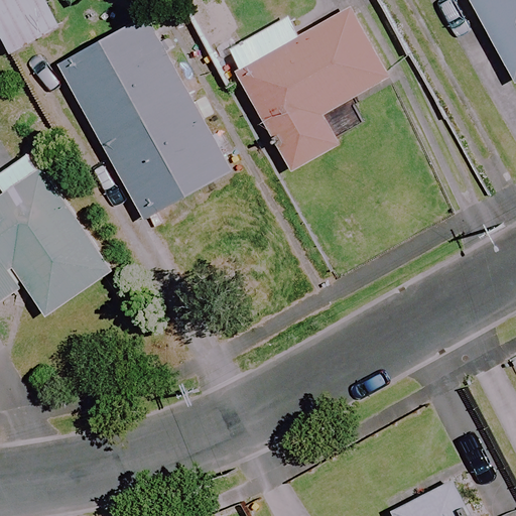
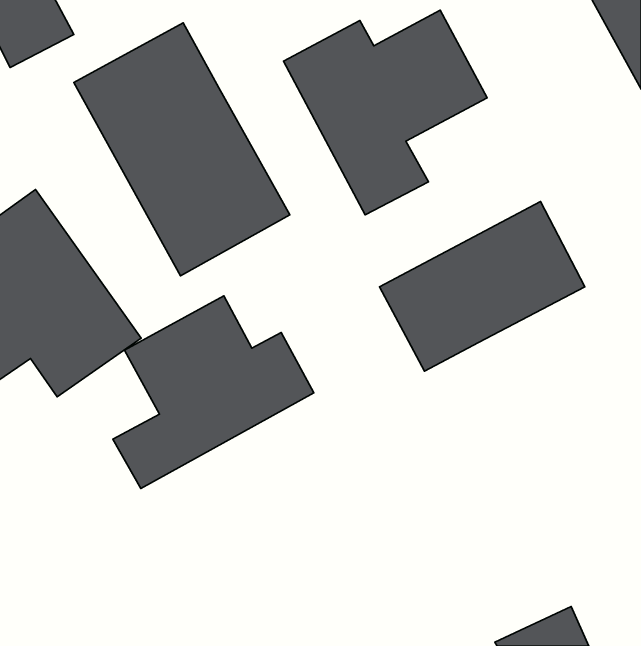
building: none -> [379,202,585,371]
building: none -> [113,296,314,488]

